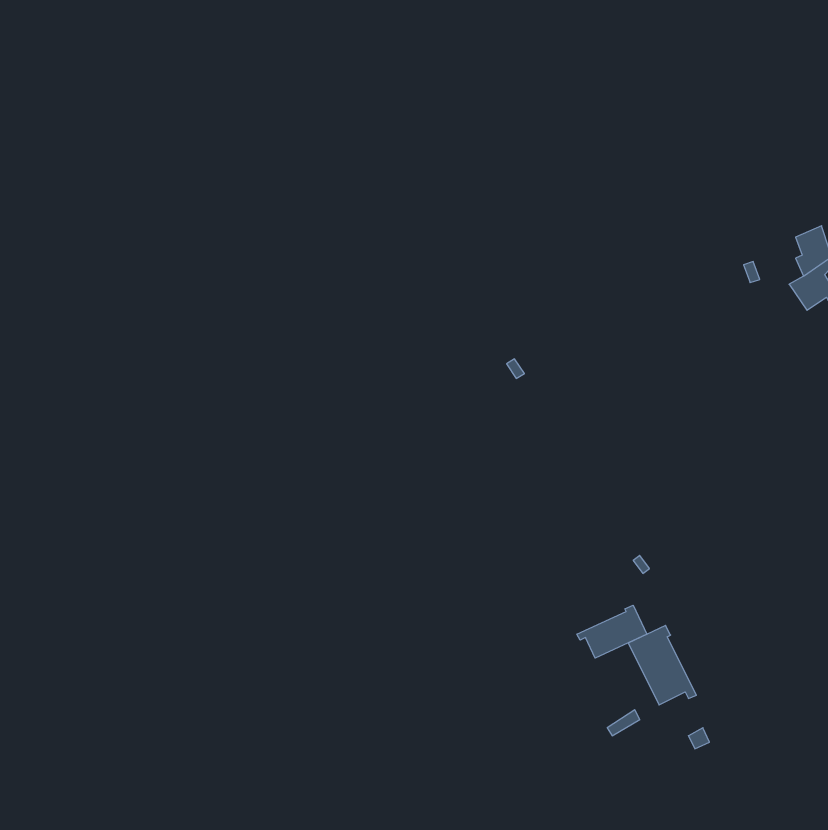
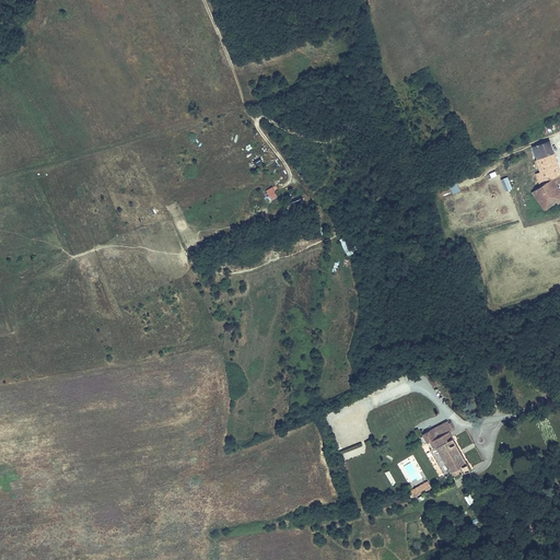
building: [577,605,647,658] -> none

